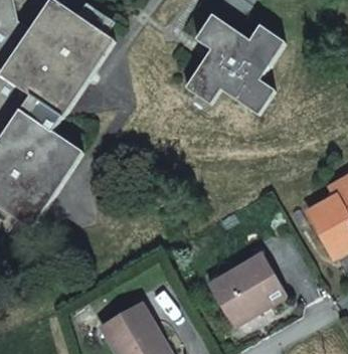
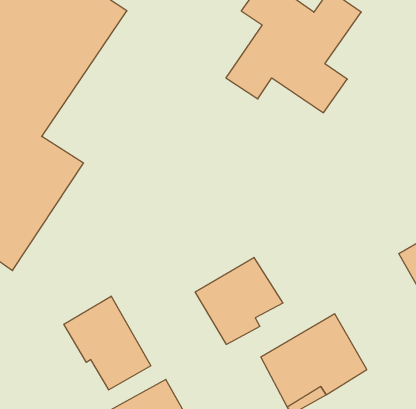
building: none -> [195,257,283,344]
building: none -> [64,296,151,390]

